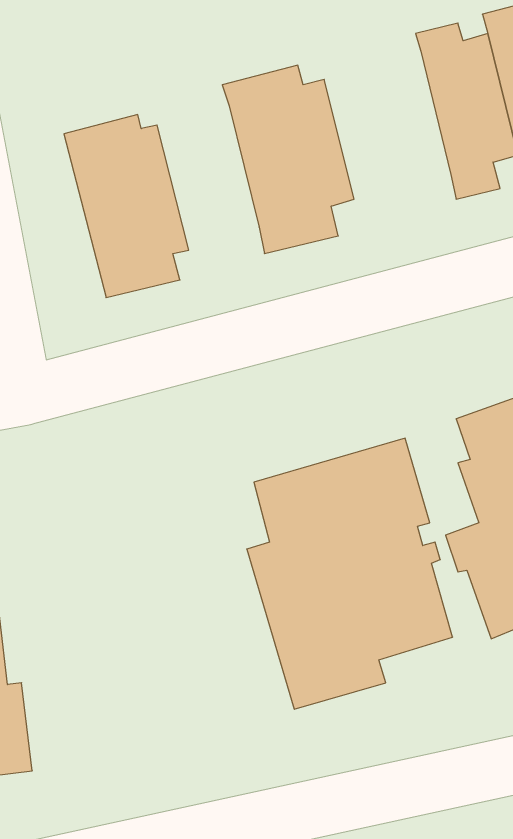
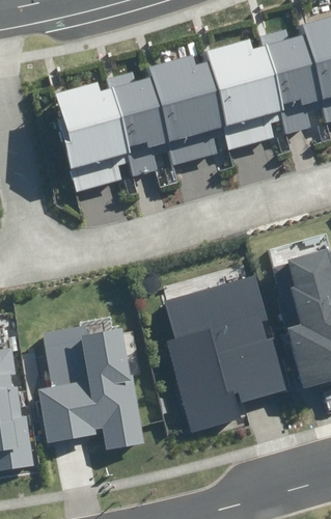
building: none -> [205,38,283,148]
building: none -> [108,72,170,175]
building: none -> [37,326,148,452]

